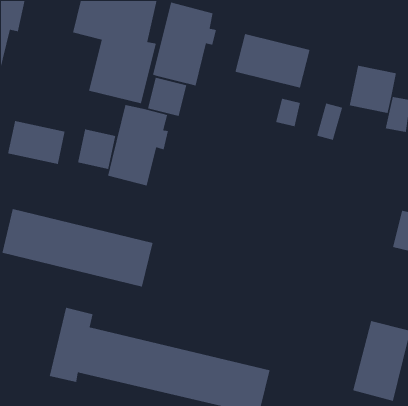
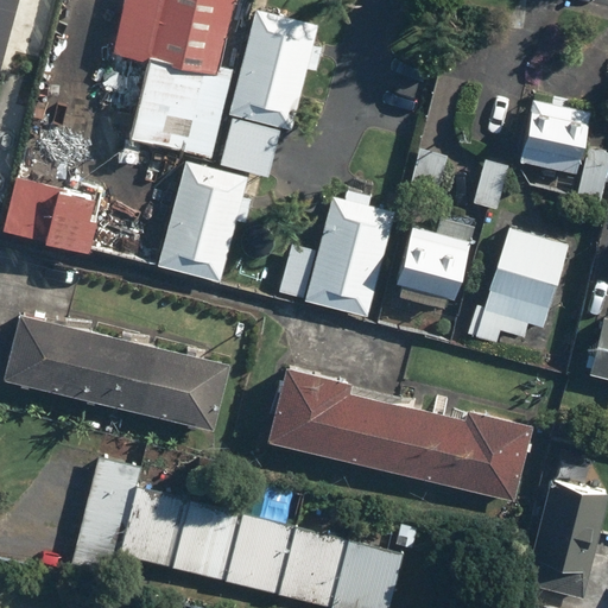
building: [235,33,310,89] -> none
building: none -> [279,185,394,315]
building: [77,129,116,170] -> none
building: none -> [392,218,474,312]
building: none -> [460,227,563,342]
building: none -> [268,368,533,501]

